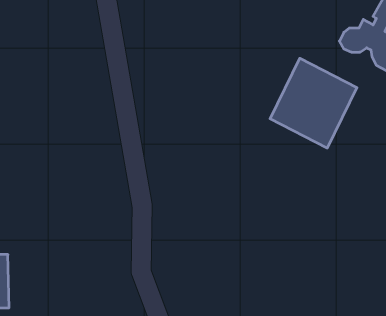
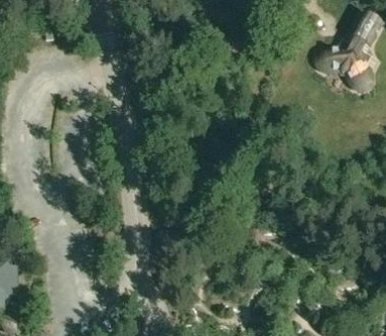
building: [270,58,357,148] -> none

